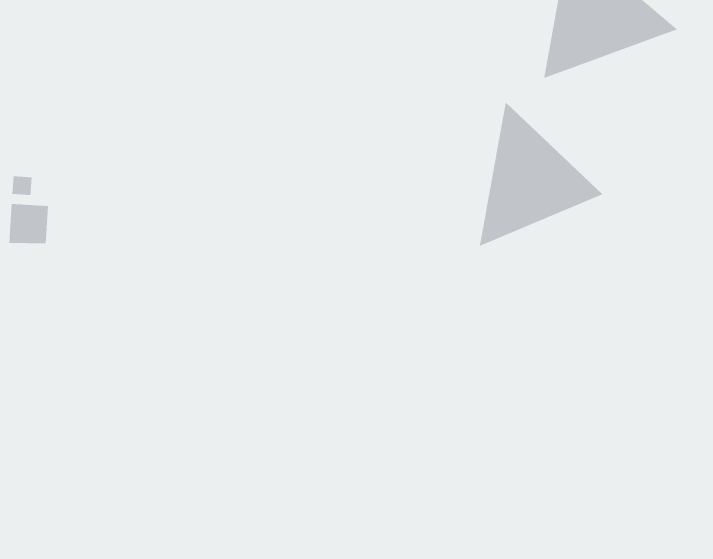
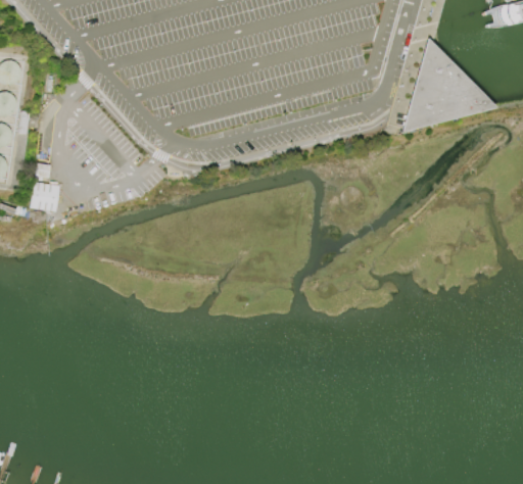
building: [479,101,604,247] -> none

